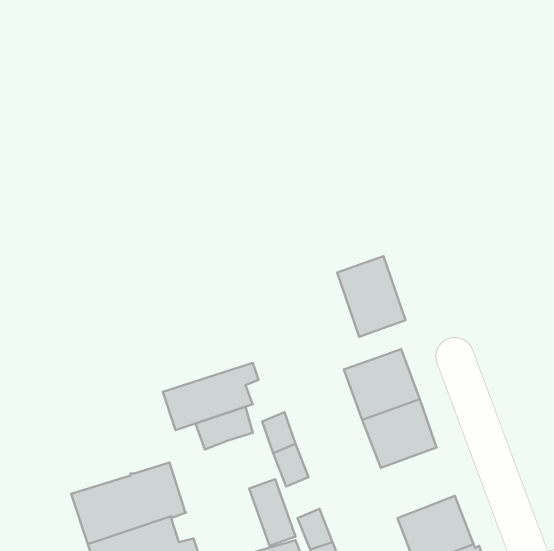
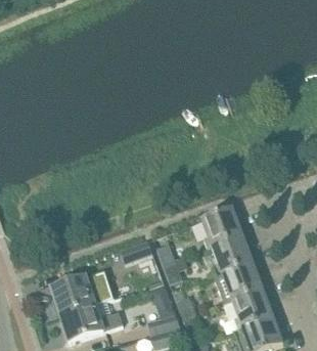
building: [337,256,406,337] -> none
building: [163,363,259,430] -> none
building: none -> [214,261,262,302]

